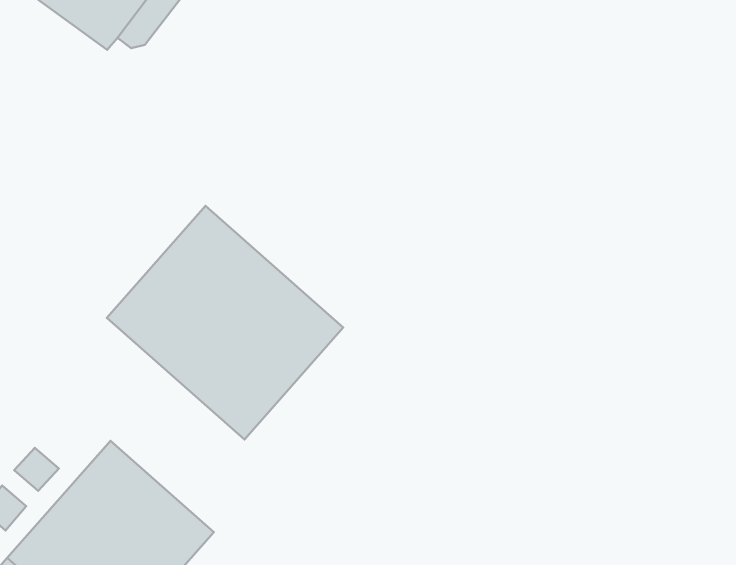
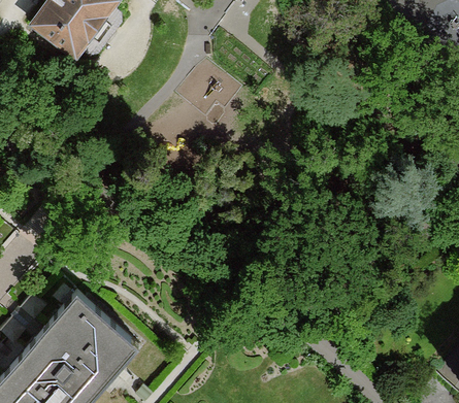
building: [107,206,343,439] -> none

